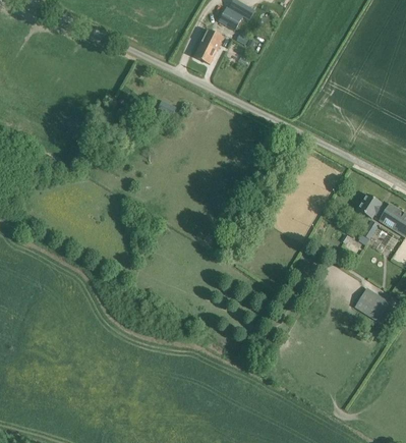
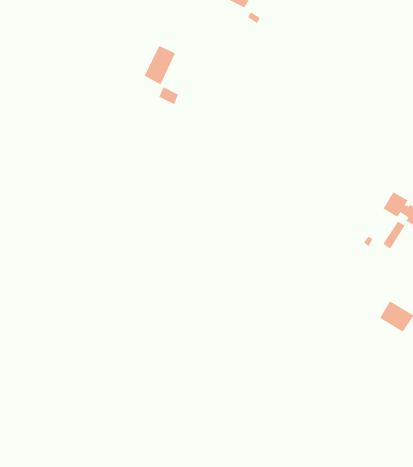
building: [195,29,224,64] -> [144,45,176,85]

